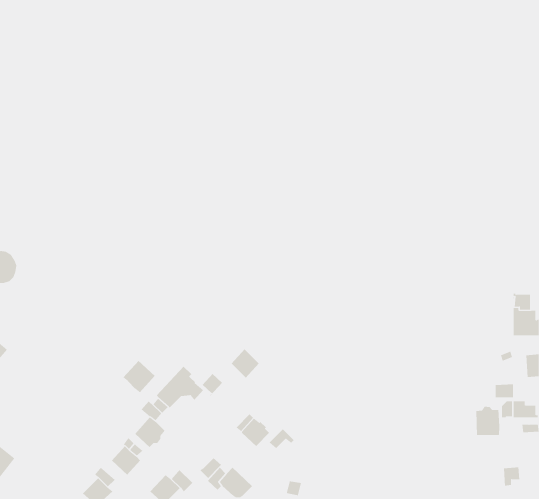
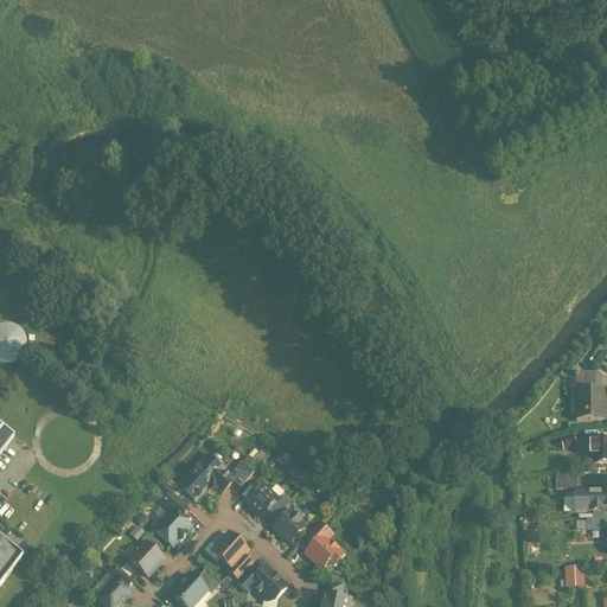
building: [231,348,260,378] -> [244,483,276,516]
building: [123,360,156,393] -> none
building: [476,406,500,436] -> none
building: none -> [211,531,247,566]
building: none -> [306,533,343,567]

